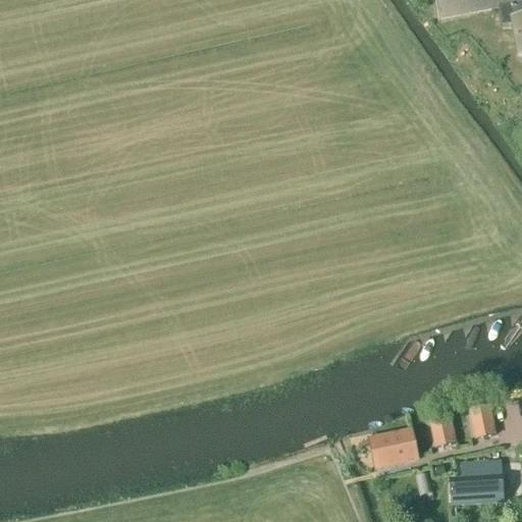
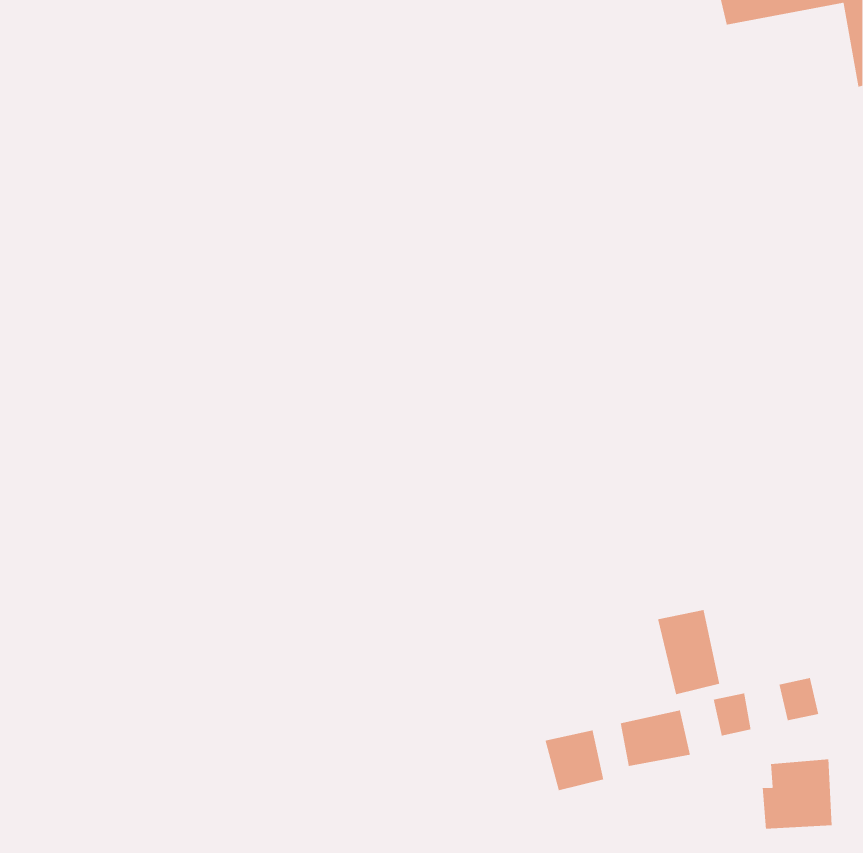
building: none -> [657,609,720,695]
building: none -> [545,730,604,791]

